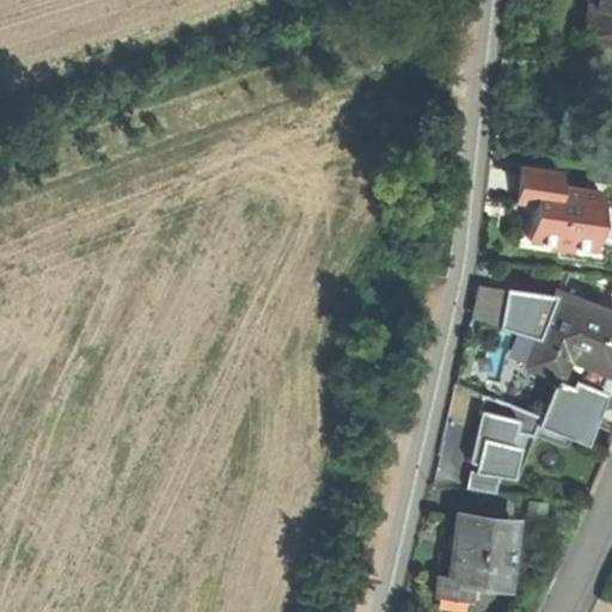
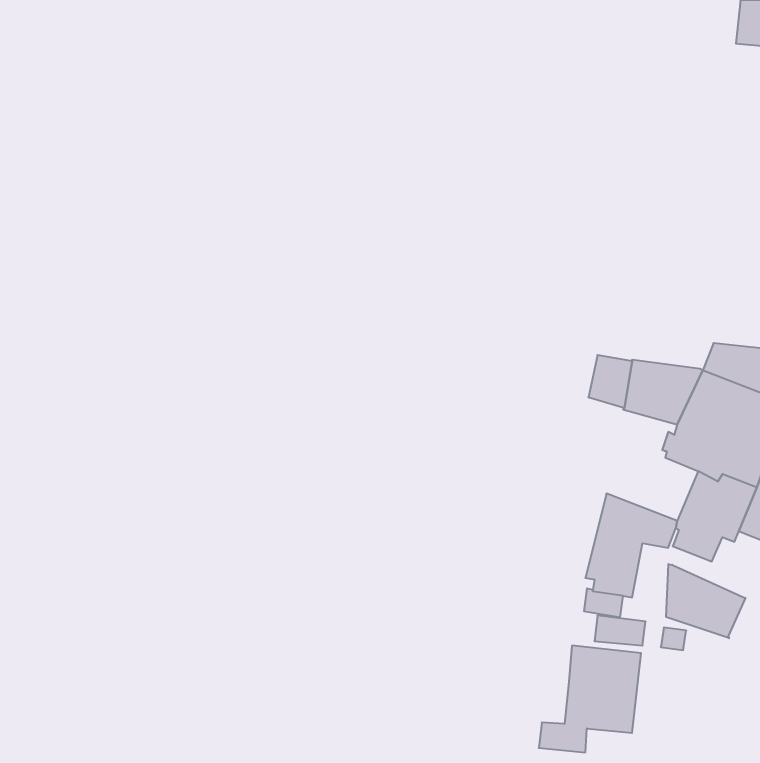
building: [521,170,606,253] -> none
building: none -> [666,564,746,638]

